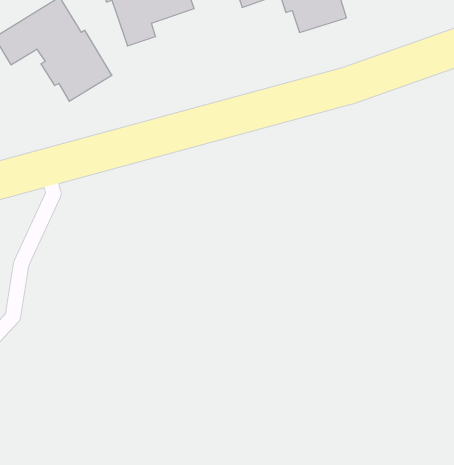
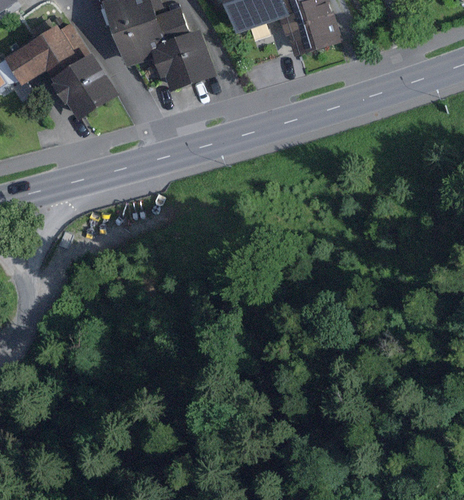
building: none -> [151,28,218,91]

